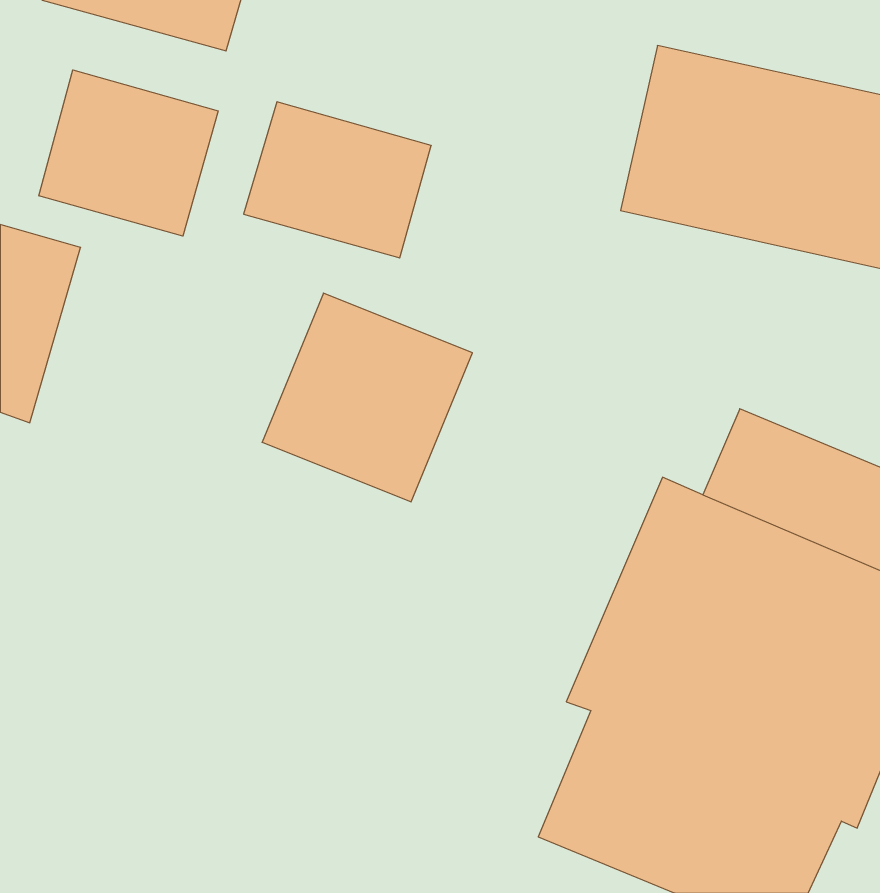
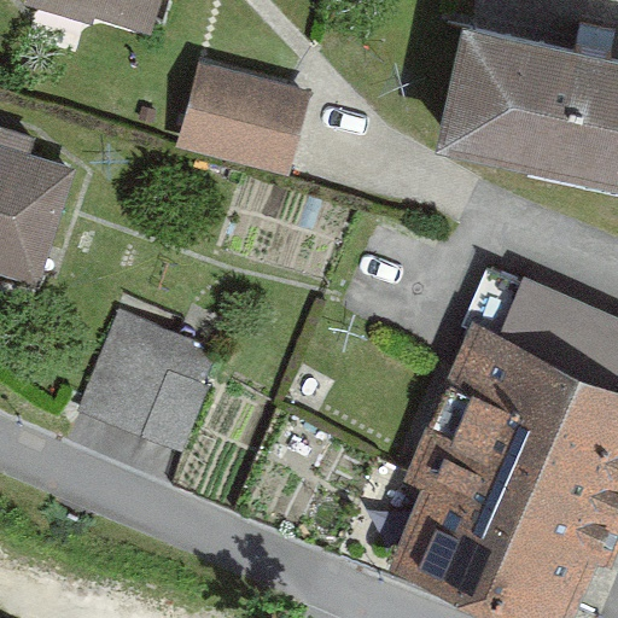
building: [39,70,218,236] -> none
building: [262,293,472,502] -> [92,298,237,442]

